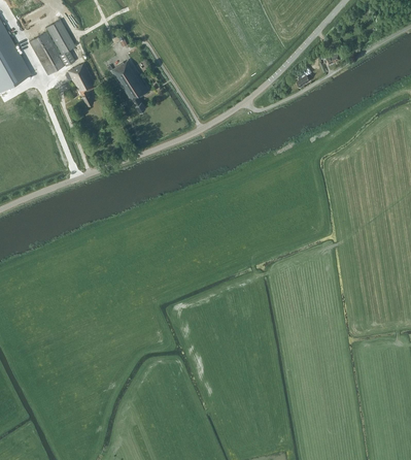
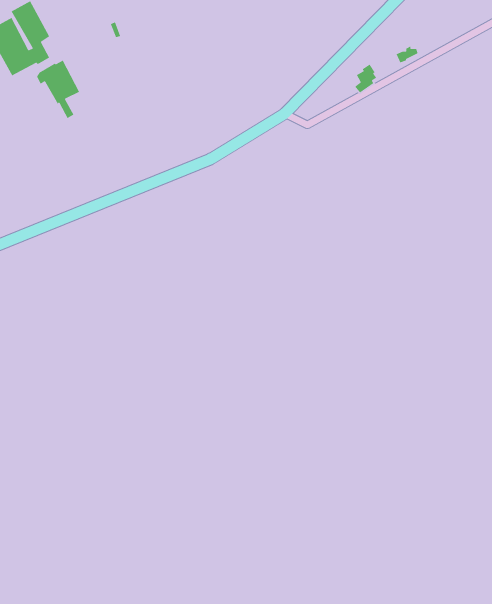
building: [107,61,148,112] -> none

